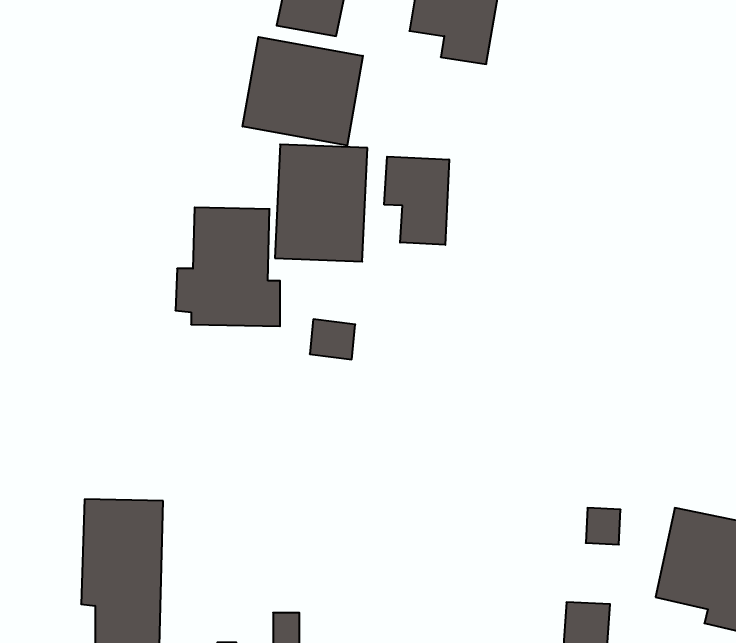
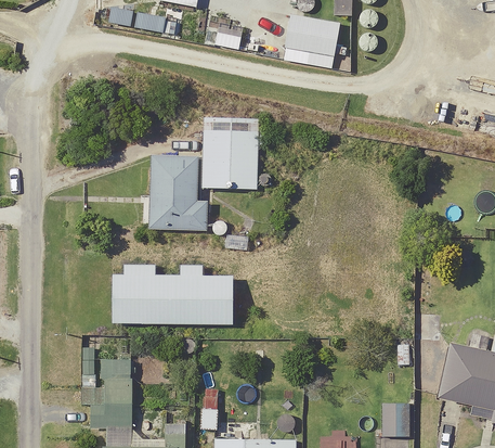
building: [243,37,363,145] -> none
building: [384,157,449,245] -> none
building: none -> [114,265,234,324]

